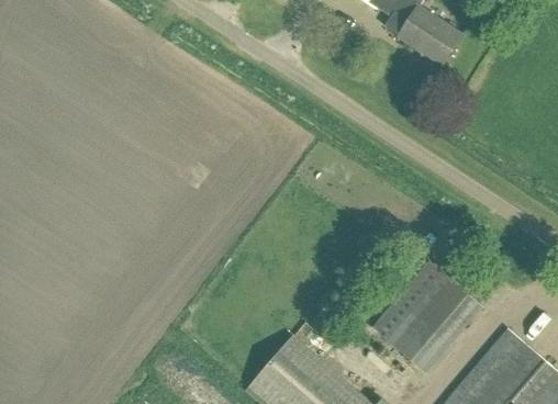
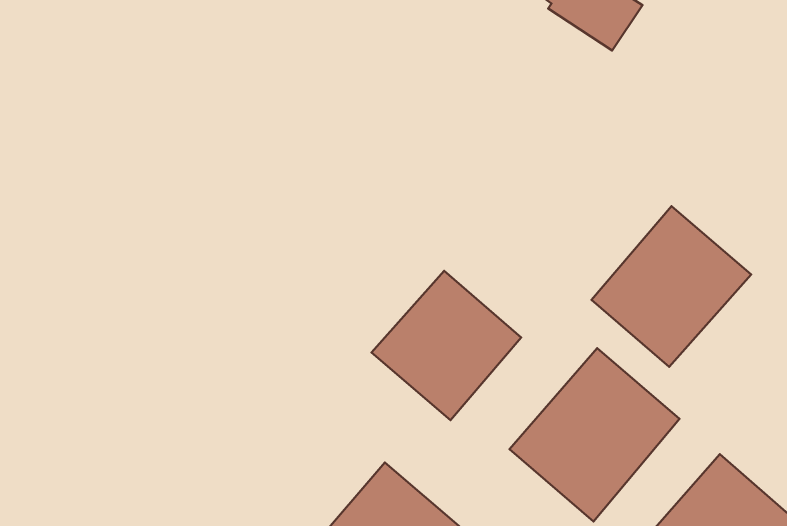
building: none -> [592,206,751,367]
building: none -> [372,271,521,420]

